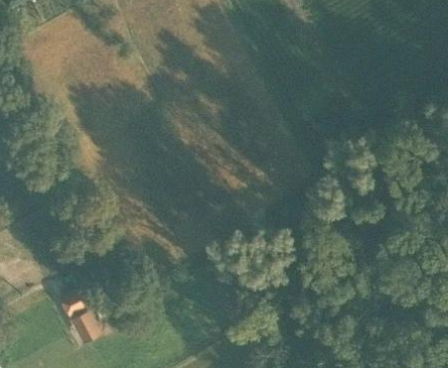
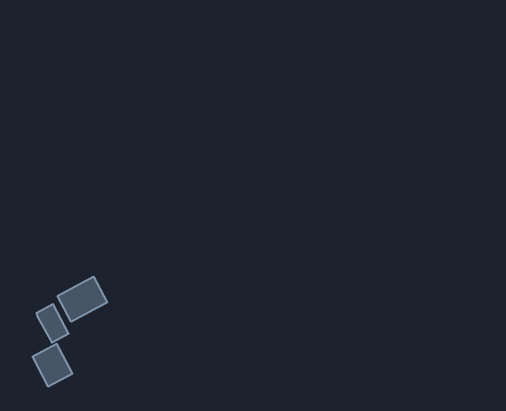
building: none -> [58,277,107,322]

